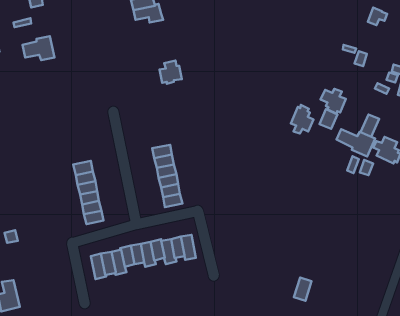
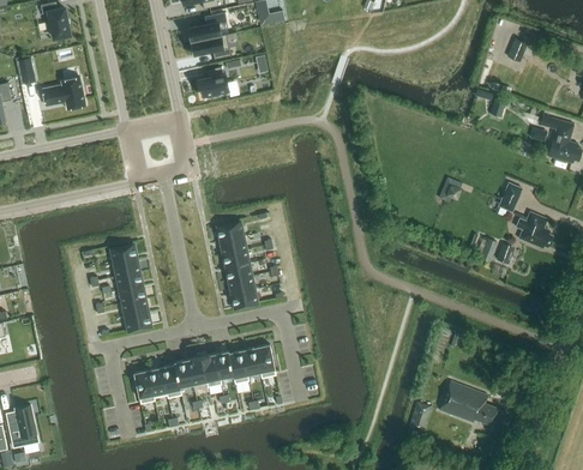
building: [160,61,182,84] -> [198,67,228,98]
building: [321,89,346,114] -> none
building: [291,105,314,134] -> none
building: [336,129,375,156] -> none
building: none -> [439,381,497,426]

